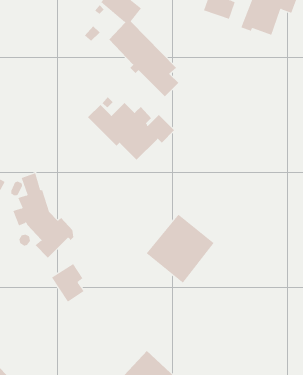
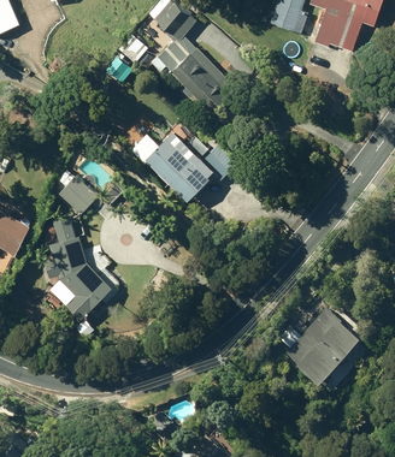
building: none -> [55,174,95,214]
building: [146,214,214,283] -> [288,309,370,392]
building: [51,263,85,302] -> none

